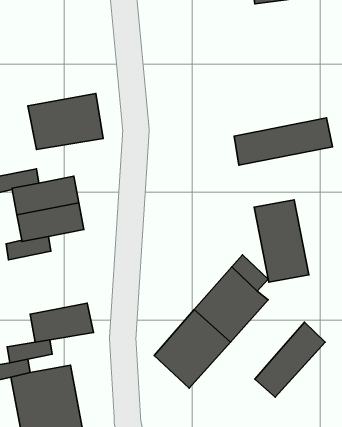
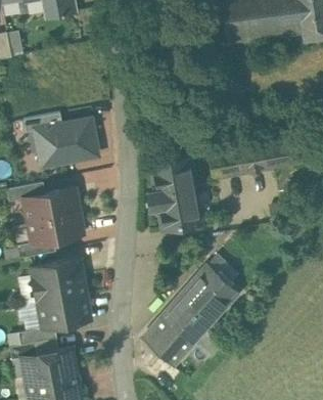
building: [254,200,309,282] -> [152,158,198,227]
building: none -> [31,259,86,304]
building: [255,322,325,397] -> none

